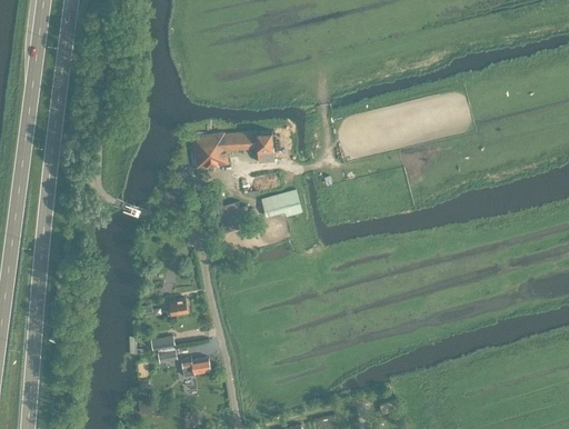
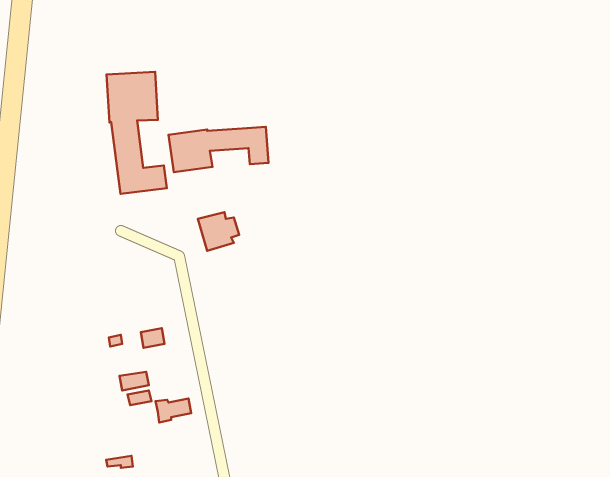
building: none -> [107,72,167,194]
building: [260,190,301,218] -> none

